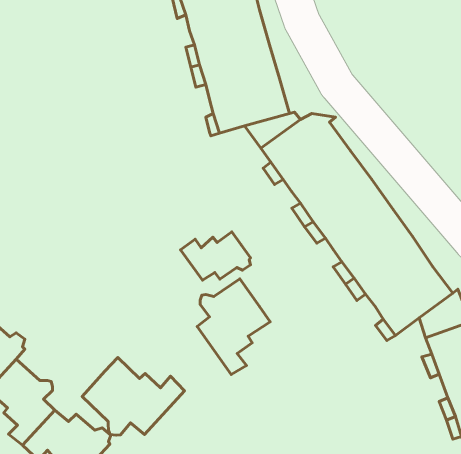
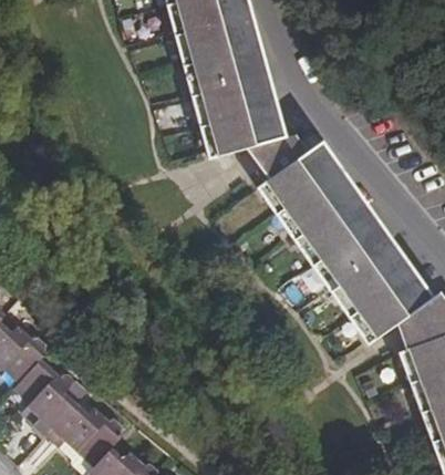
building: [180,232,250,280] -> none
building: [197,279,270,375] -> none
building: [82,358,185,435] -> none

